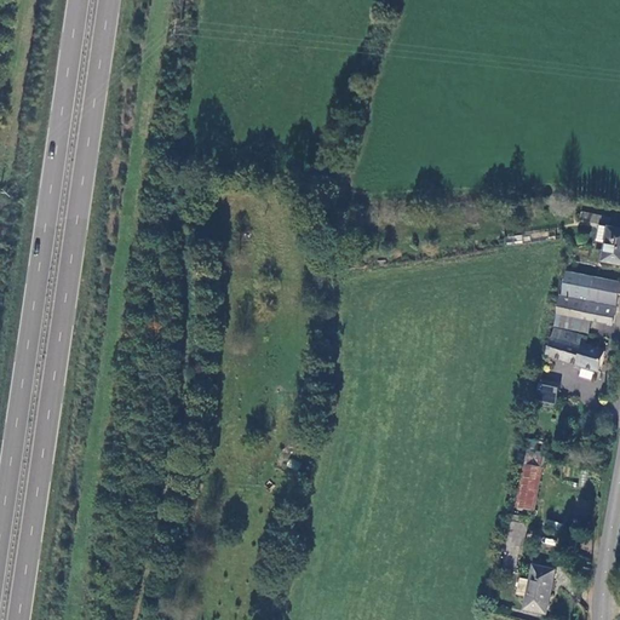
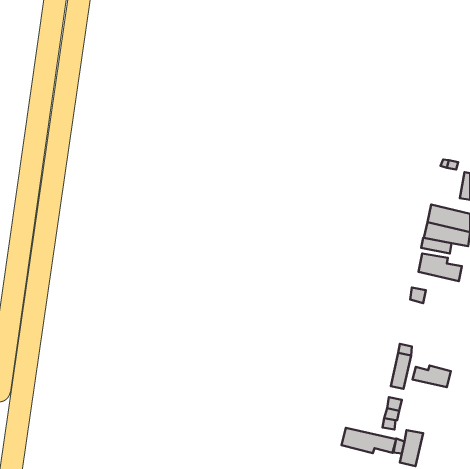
building: none -> [412,365,451,387]
building: none -> [342,428,396,453]

